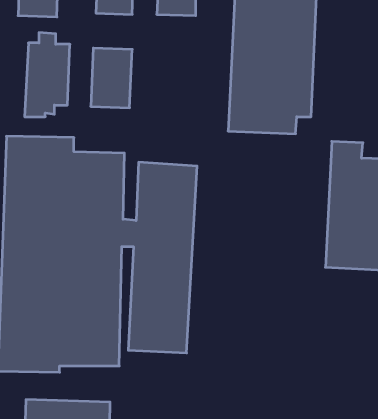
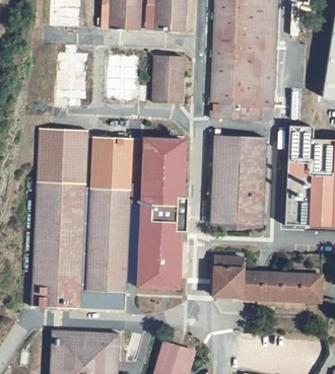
building: none -> [152,55,185,102]
building: none -> [210,135,267,226]
building: none -> [214,256,320,302]

